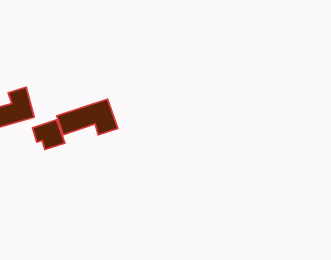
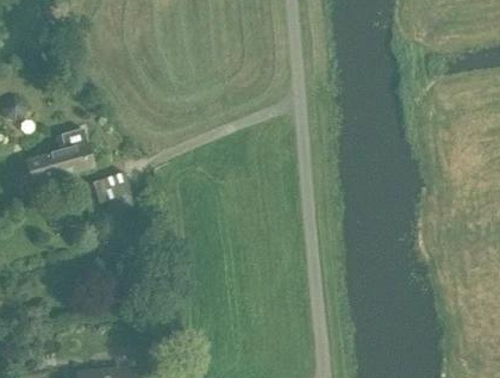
building: [57,99,118,135] -> none

